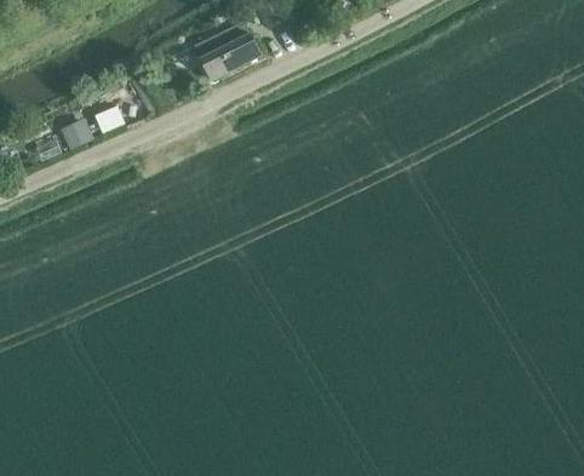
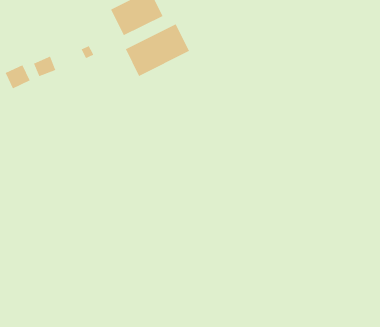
building: none -> [125,23,190,77]

